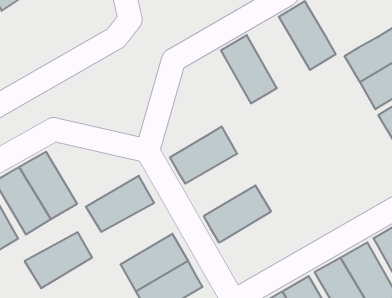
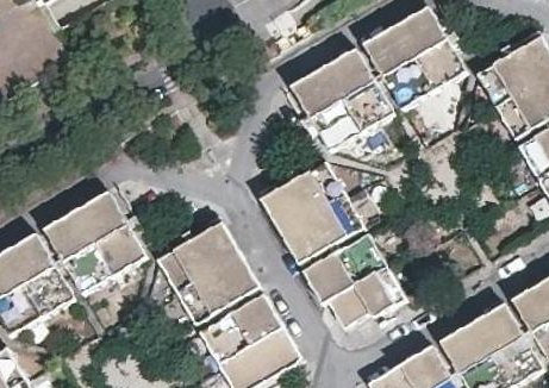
building: none -> [362,25,432,109]
building: none -> [289,67,360,151]
building: none -> [279,194,362,263]
building: none -> [325,265,404,327]
building: [25,232,92,288] -> [175,255,258,324]

